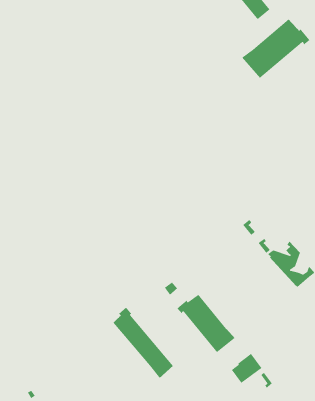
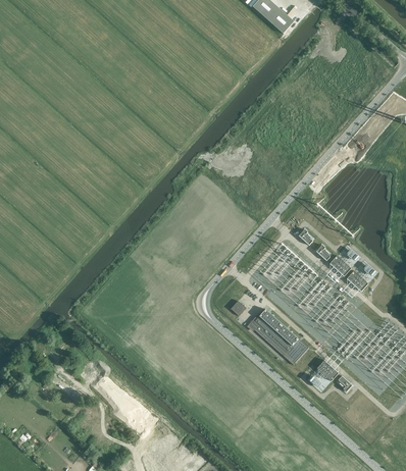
building: [241,19,311,79] -> none
building: [113,306,174,379] -> none

